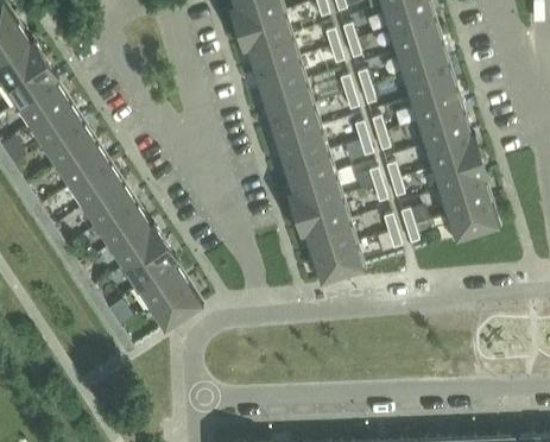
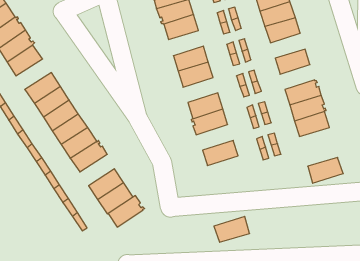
building: [255,62,306,99] -> none
building: [405,65,456,102] -> none
building: [31,103,83,149] -> none
building: [419,112,470,149] -> none
building: [277,131,328,168] -> none
building: [296,200,350,238] -> none
building: [448,204,500,242] -> [308,157,343,183]
building: [125,244,178,290] -> [108,196,145,227]
building: [312,246,365,284] -> [214,216,250,242]

